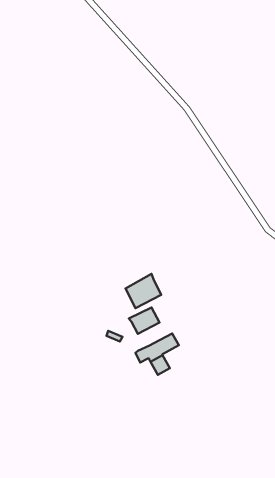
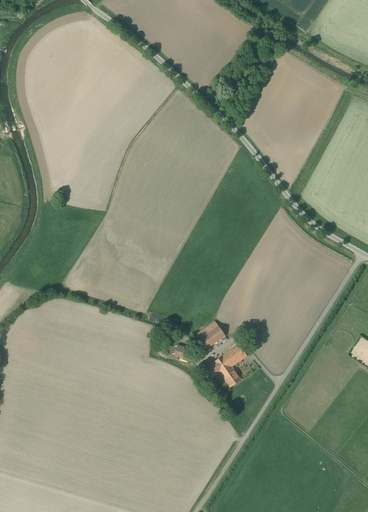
building: [126,274,161,308] -> none

